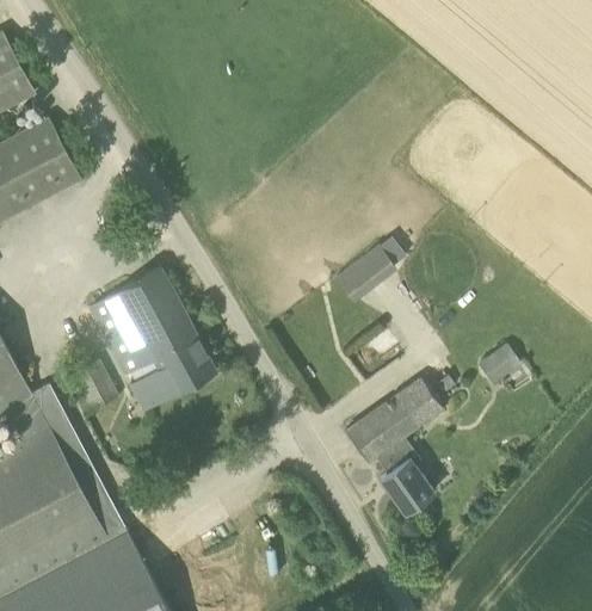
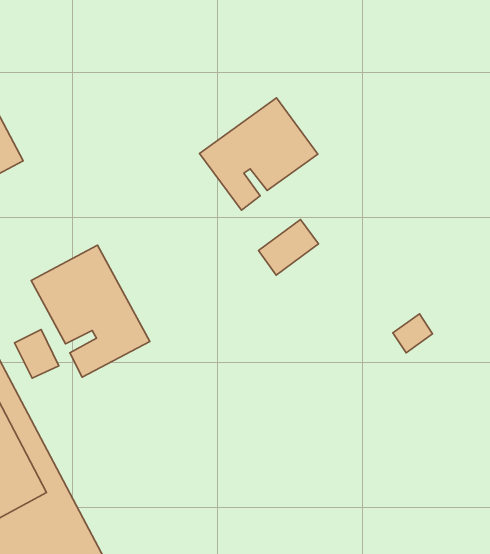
building: none -> [200,98,318,210]
building: [345,381,442,514] -> none

